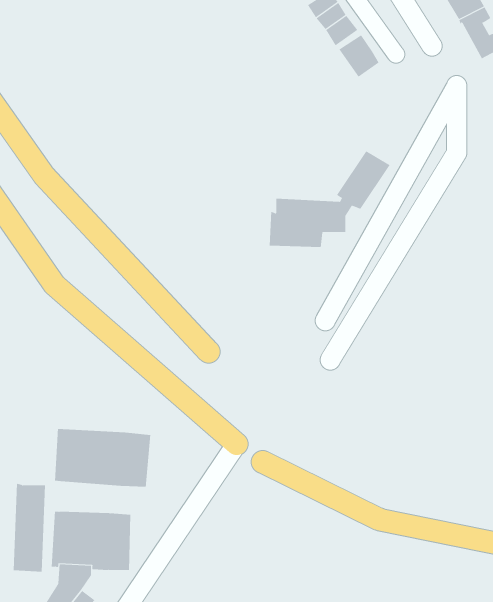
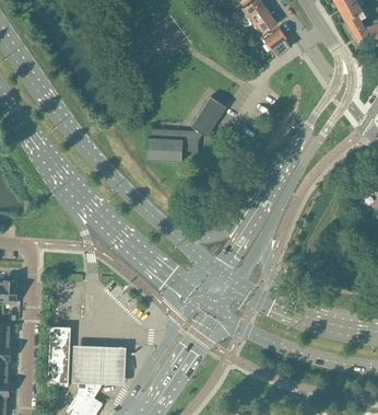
building: [269,150,390,247] -> [145,96,226,161]
building: [55,428,151,488] -> none

